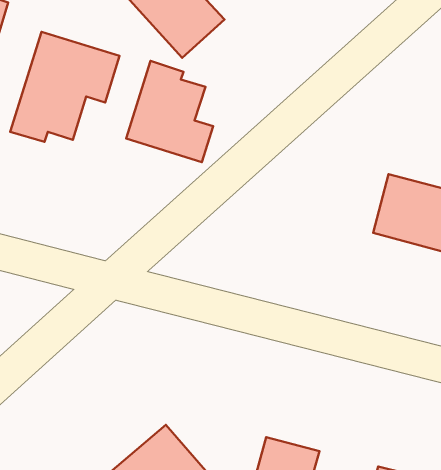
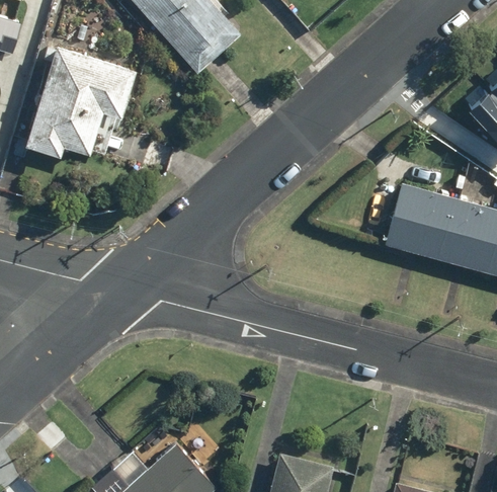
building: [126,61,213,162] -> none

